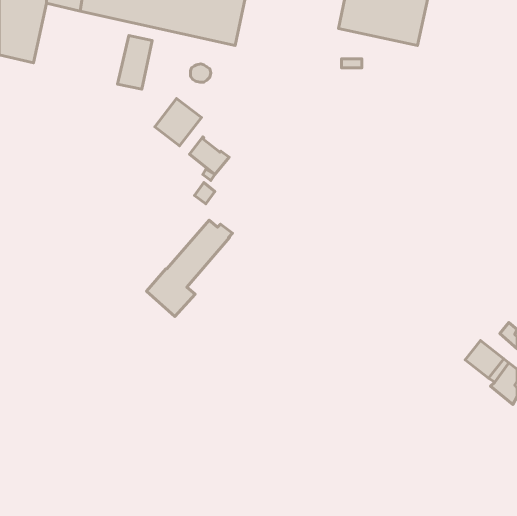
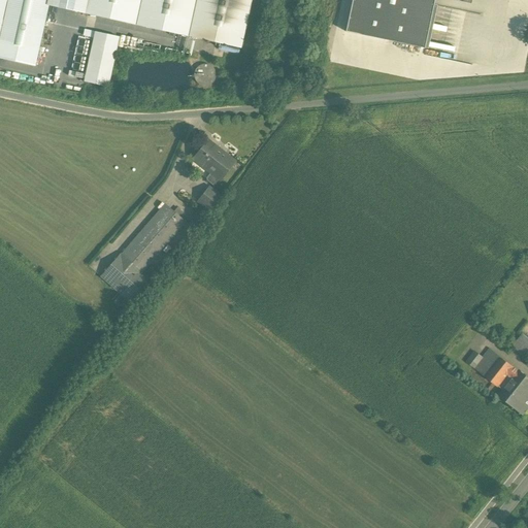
building: [118,35,152,89] -> [82,30,118,85]
building: [155,98,201,146] -> none
building: [146,220,233,316] -> [100,202,188,300]

